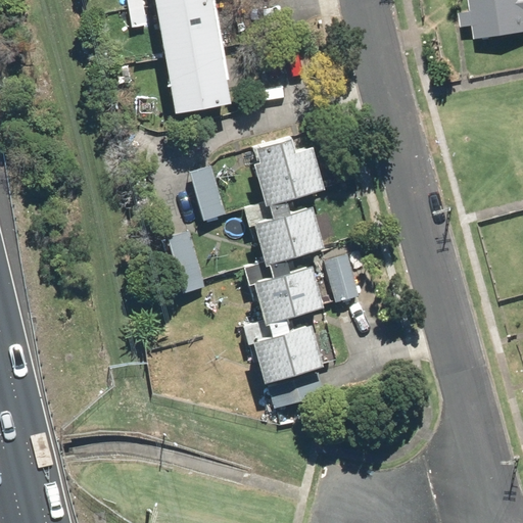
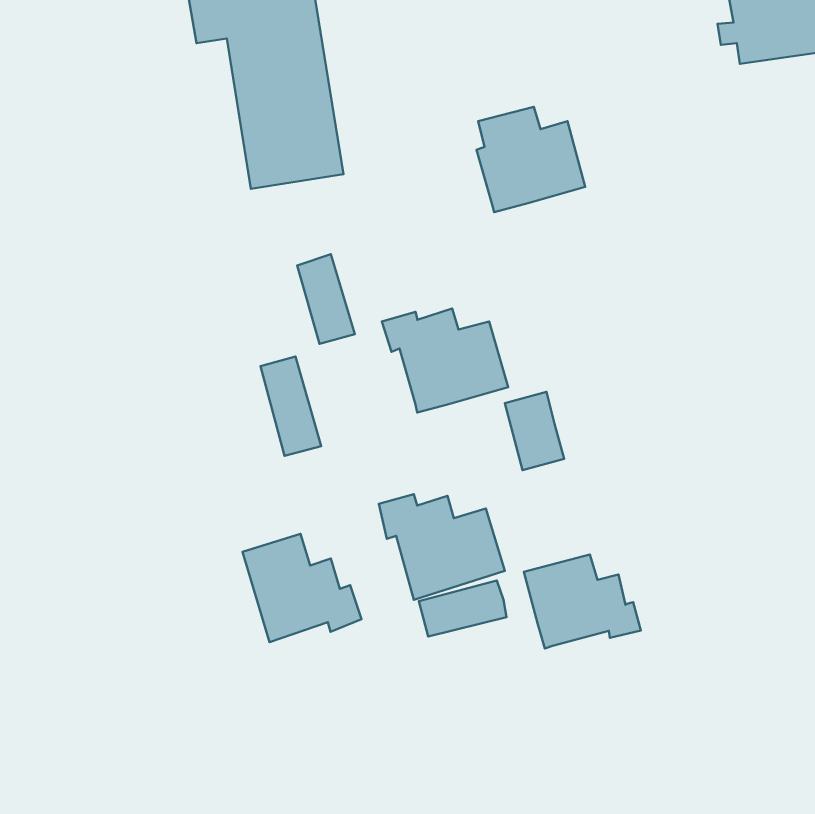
building: [256,136,326,203] -> [476,107,585,212]
building: [244,258,324,323] -> none
building: none -> [243,534,362,642]
building: none -> [524,555,641,648]

